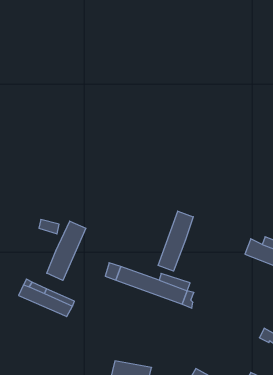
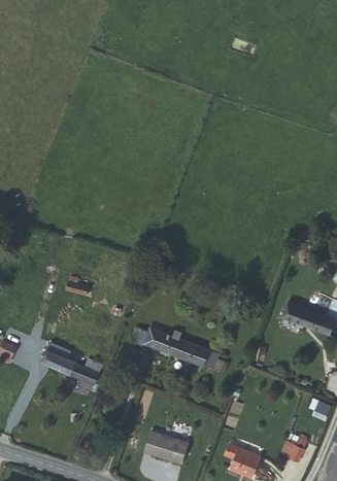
building: [158,211,193,271] -> none
building: [47,221,86,280] -> none

